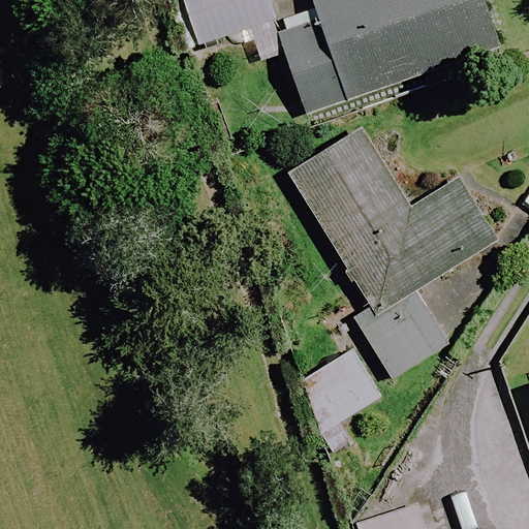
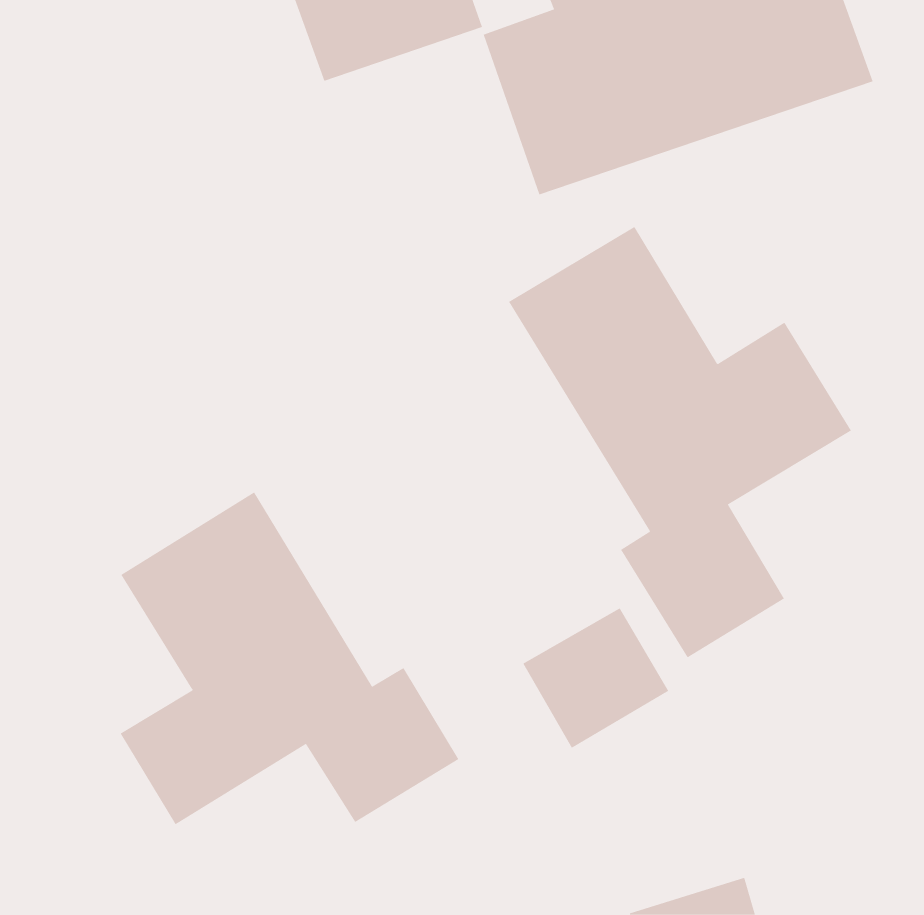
building: none -> [120,492,459,825]

